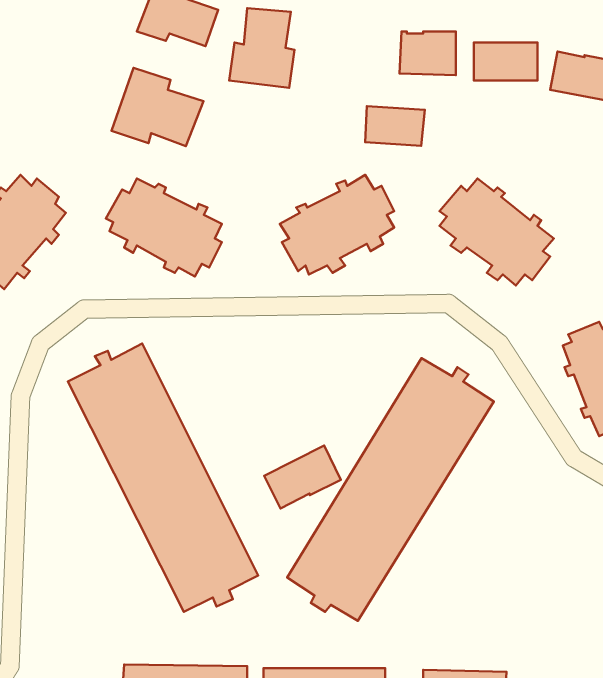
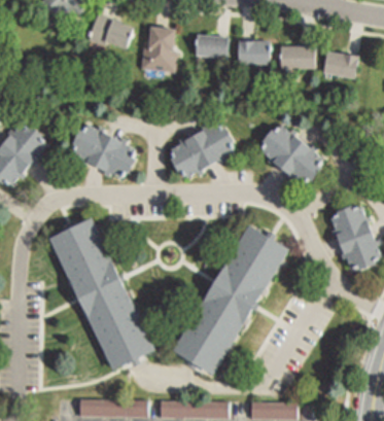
building: [111,68,204,146] -> none
building: [365,106,425,146] -> [195,35,229,58]
building: [264,446,341,508] -> none

